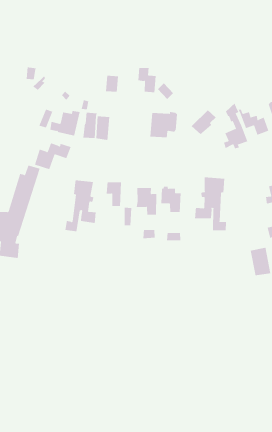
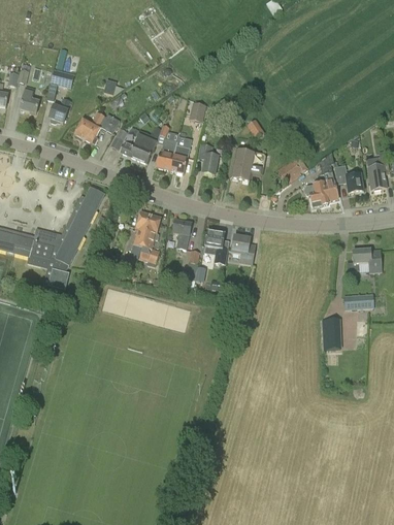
building: [138,67,156,93] -> [197,143,219,174]
building: [34,143,72,170] -> [75,111,120,141]
building: [195,176,226,231] -> none

